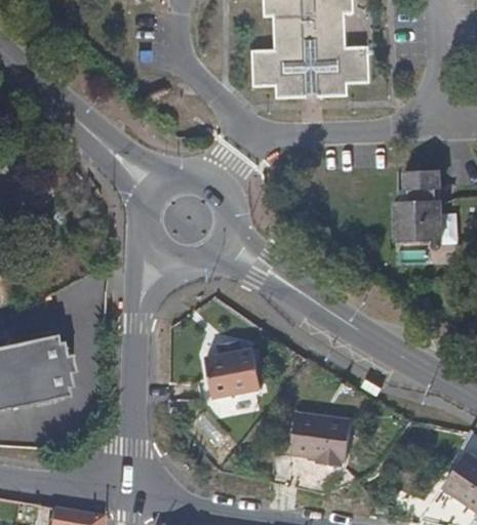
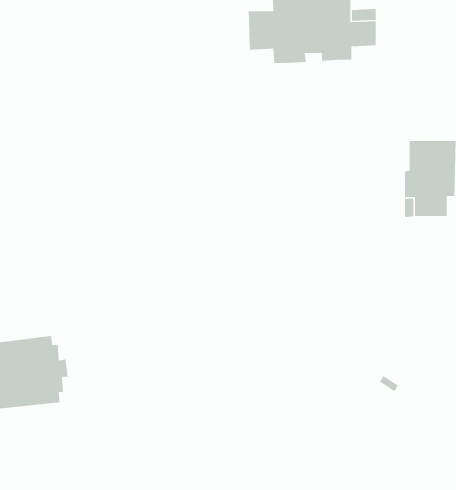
building: [207,353,264,401] -> none
building: [290,410,352,468] -> none

